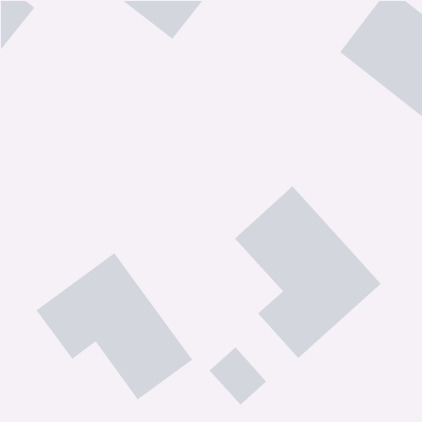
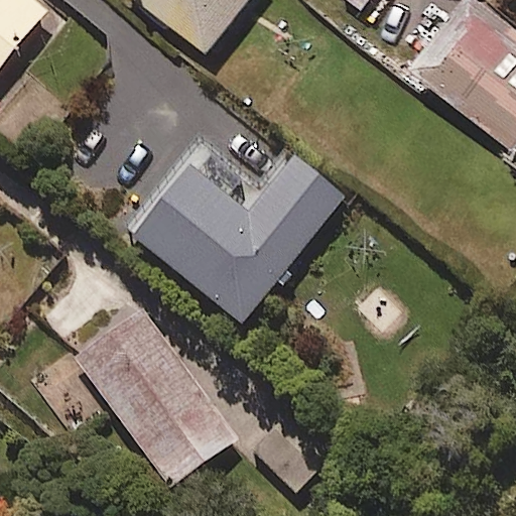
building: none -> [129,141,343,324]
building: [234,186,382,359] -> none

